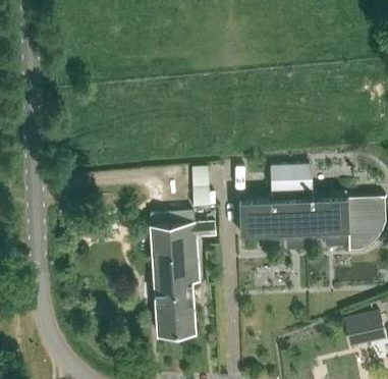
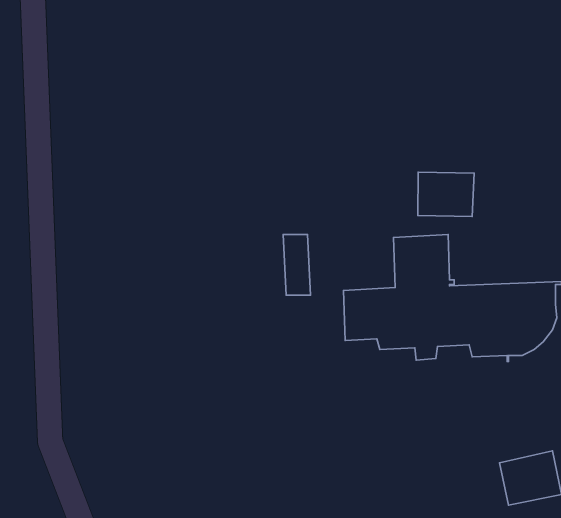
building: none -> [418,172,474,217]
building: [141,211,215,334] -> none

